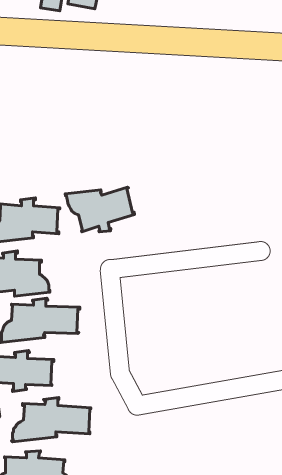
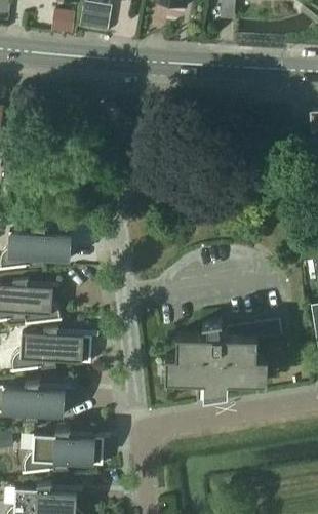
building: [65,187,135,232] -> none
building: none -> [165,318,283,394]

